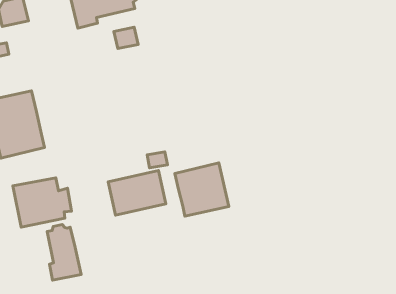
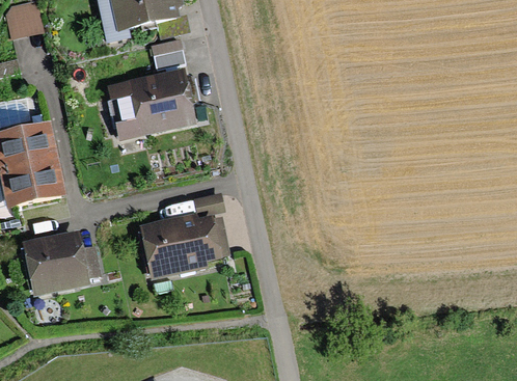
building: none -> [107,67,196,139]
building: [175,163,229,216] -> none
building: [47,225,81,280] -> none

